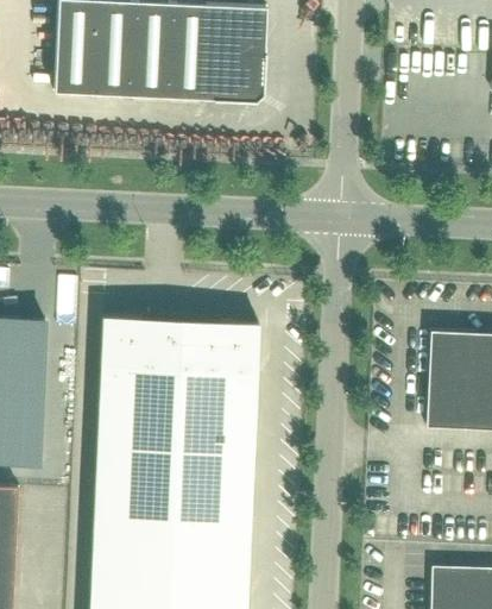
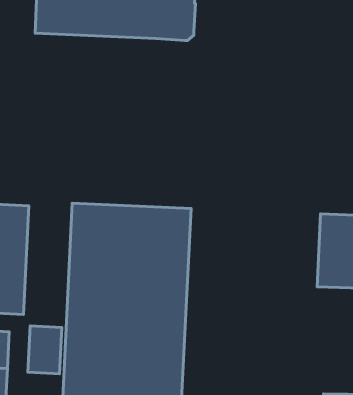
building: none -> [28,326,62,374]

